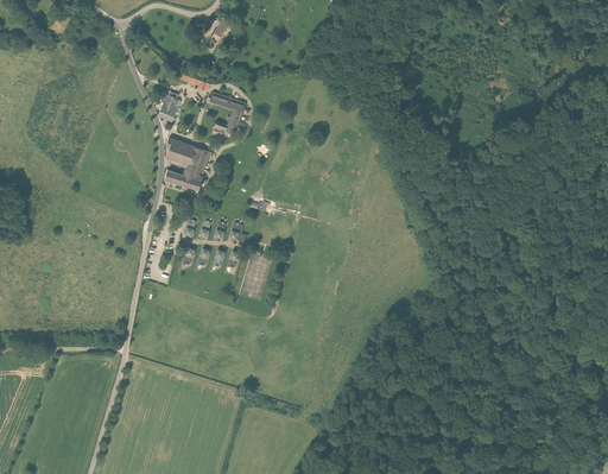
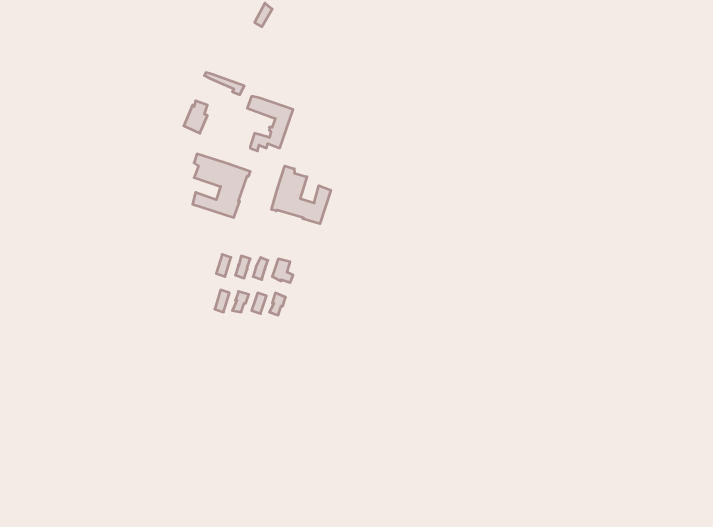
building: none -> [272,166,331,224]

